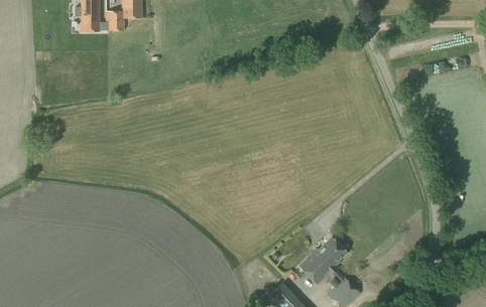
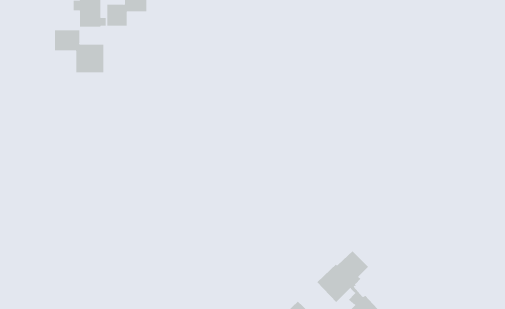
building: none -> [54,30,104,73]

